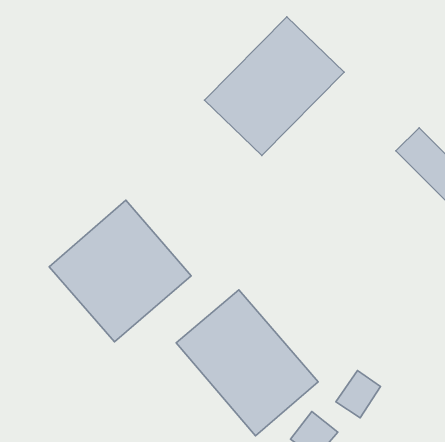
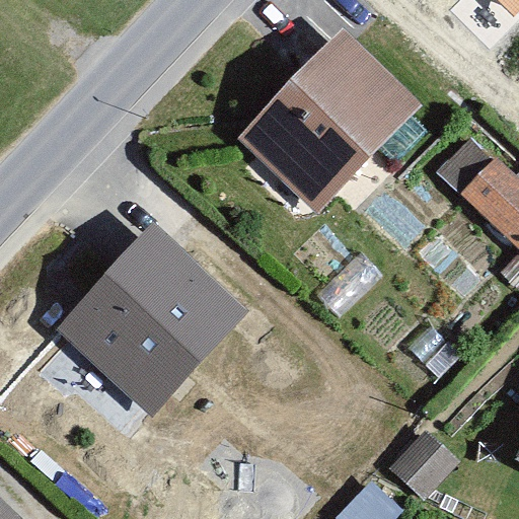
building: [176,290,318,436] -> none

